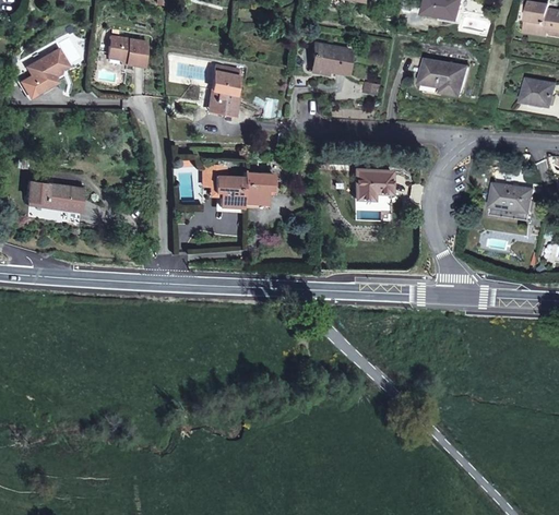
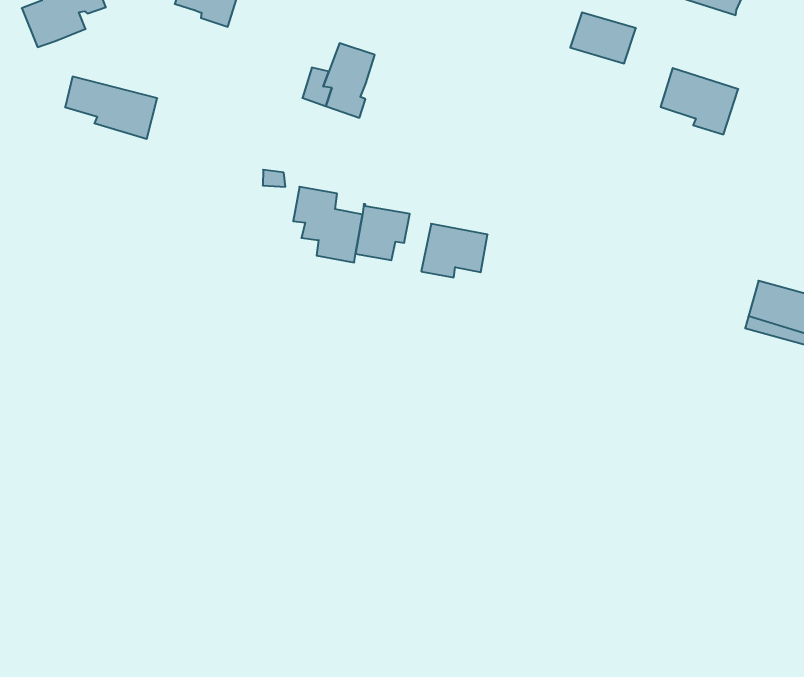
building: [312,44,352,72] -> [570,12,636,63]
building: [355,168,393,200] -> [421,224,488,277]
building: [26,180,83,213] -> [65,77,157,139]

